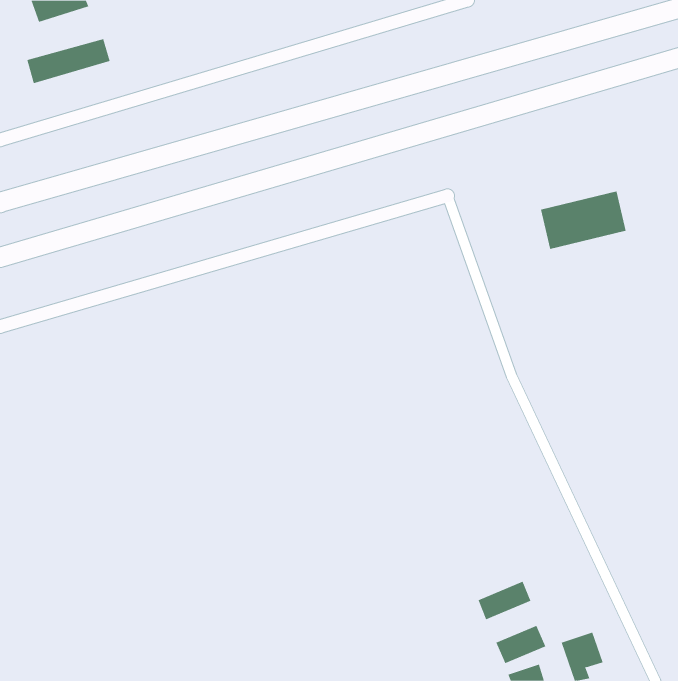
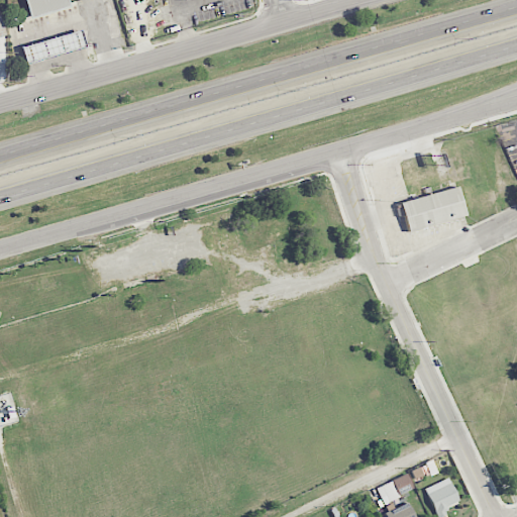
building: [540,191,627,250] -> [401,186,467,230]
building: [478,581,531,620] -> none

